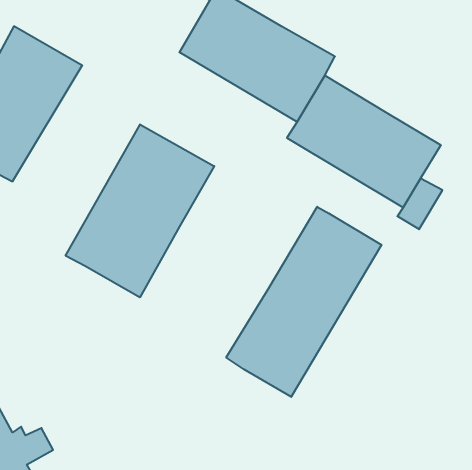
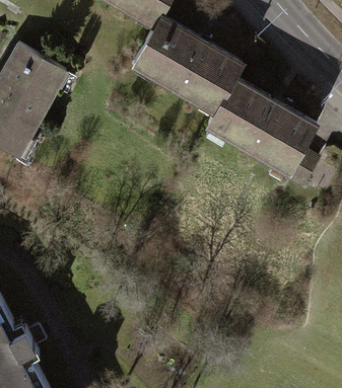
building: [66,124,214,297] -> none
building: [226,207,381,397] -> none

